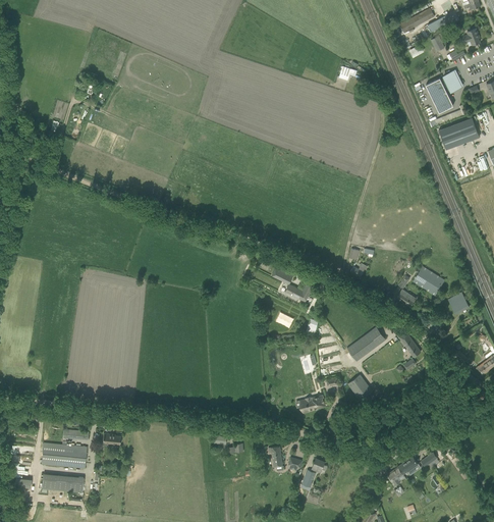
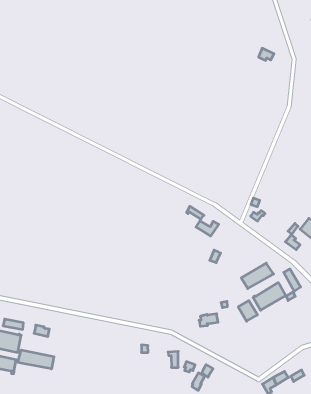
building: none -> [253,283,286,310]
building: none -> [18,350,54,369]

